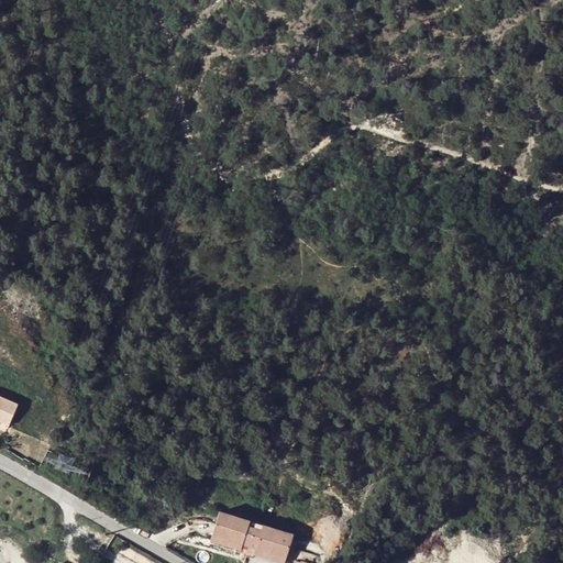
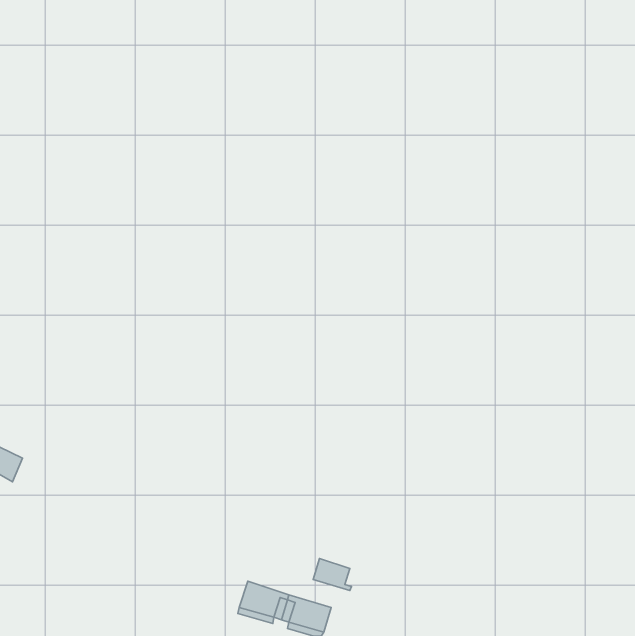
building: none -> [313,558,351,590]

